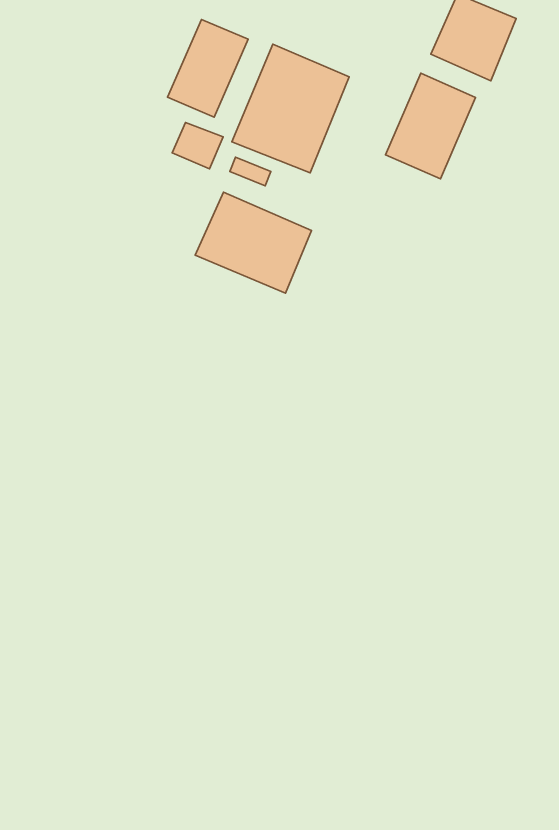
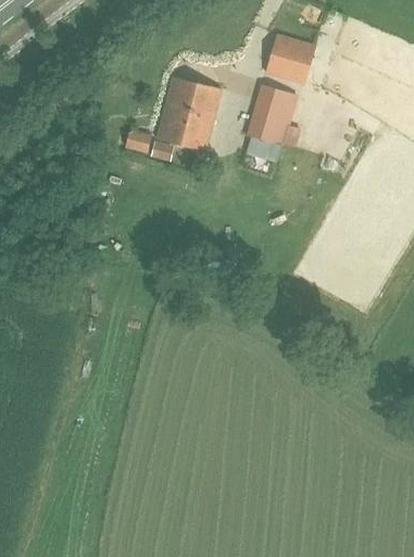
building: [168,19,248,117] -> none
building: [195,192,311,293] -> none

